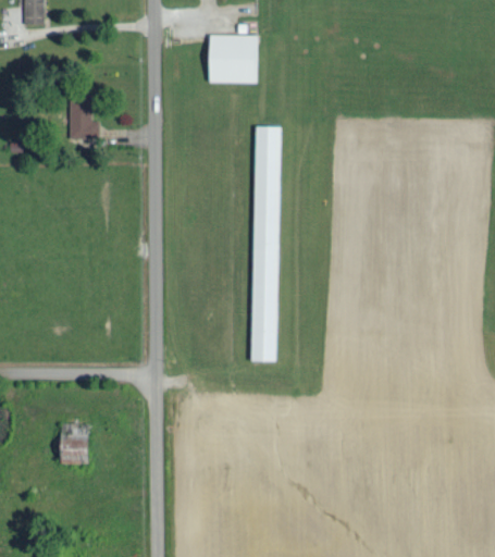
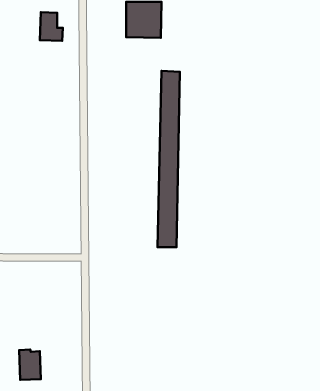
building: [69,102,99,140] -> [40,12,63,41]
building: [61,423,89,463] -> [19,349,41,380]

